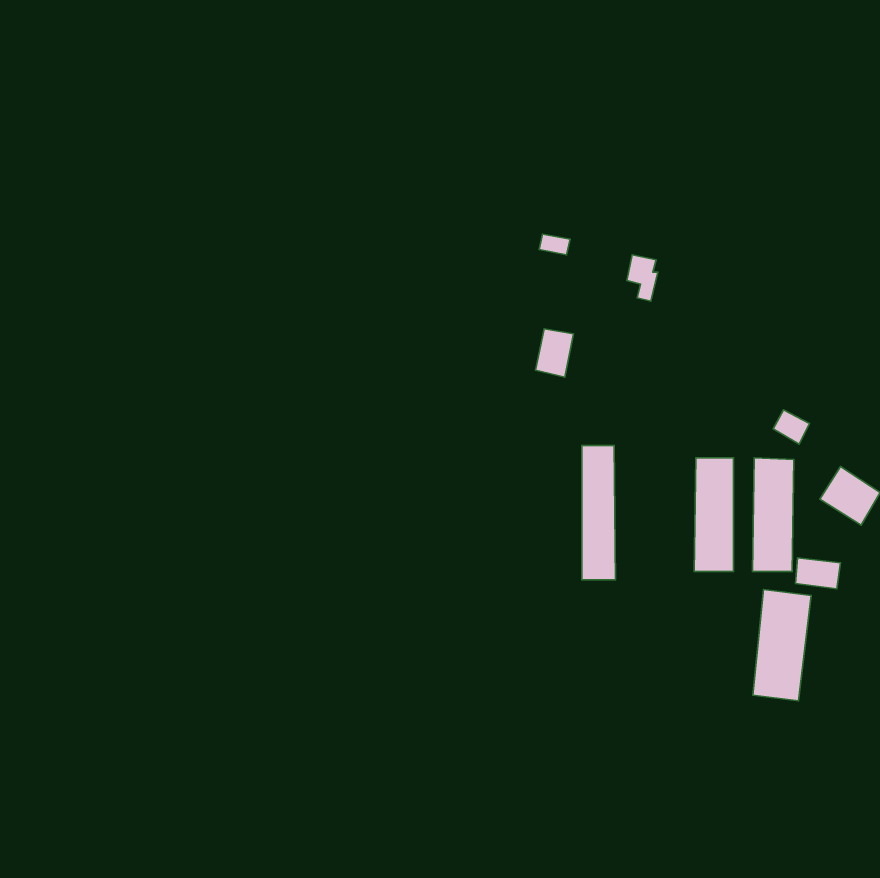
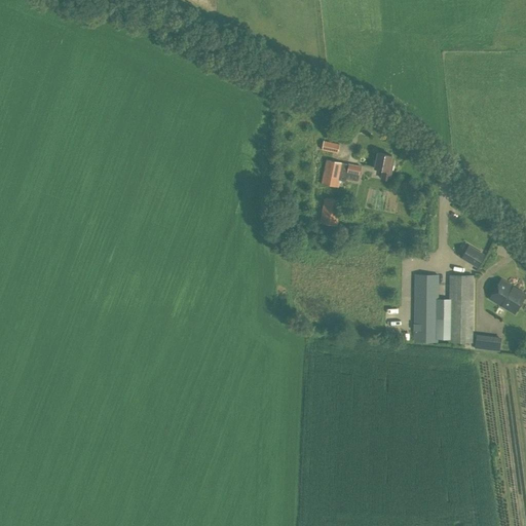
building: none -> [321,158,361,187]
building: [582,445,615,580] -> none
building: [753,590,811,701] -> none

